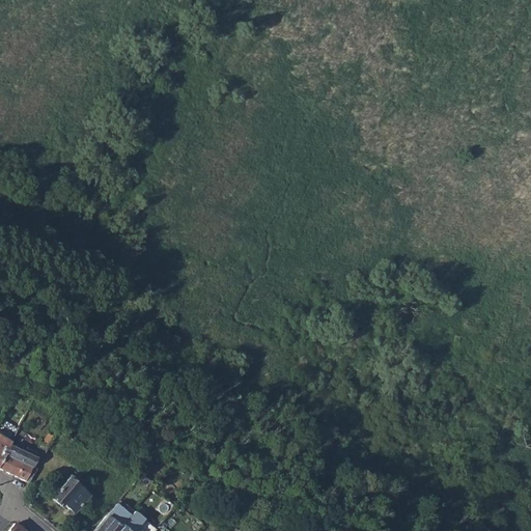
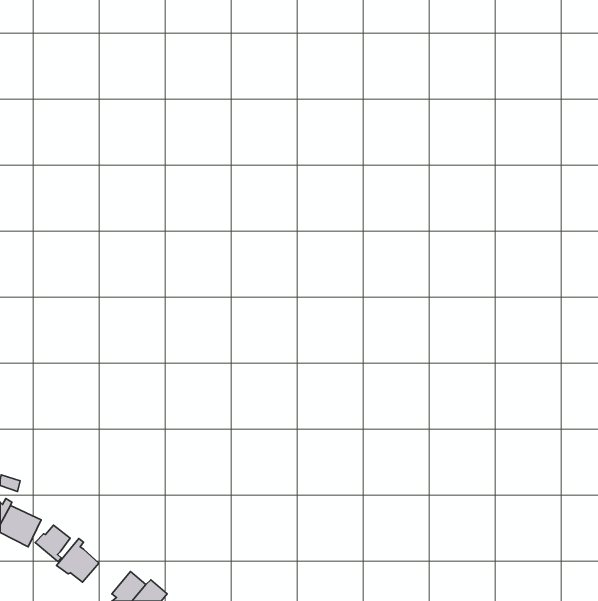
building: none -> [35,525,70,561]

